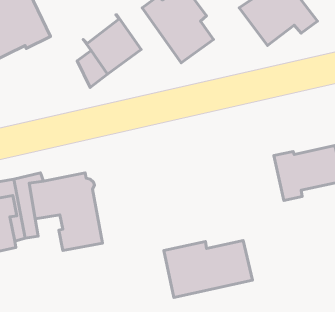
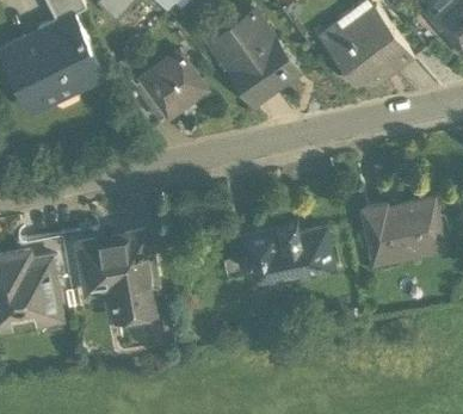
building: [164,240,252,297] -> [235,228,339,295]

